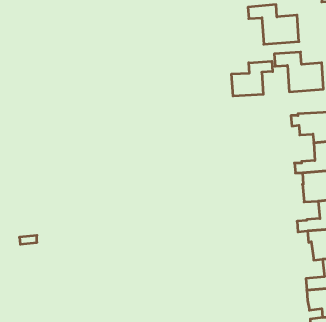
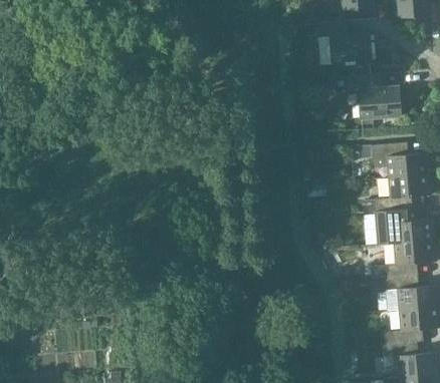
building: [232,61,273,96] -> none

